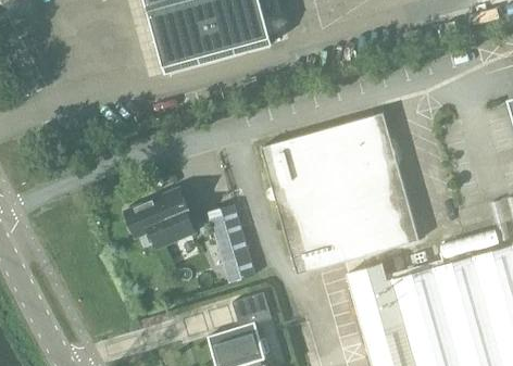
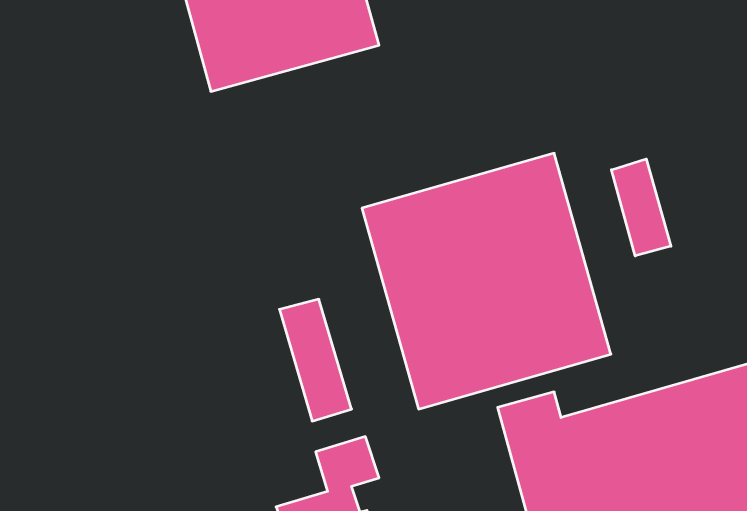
building: none -> [611,159,671,256]
building: [125,189,193,248] -> none

